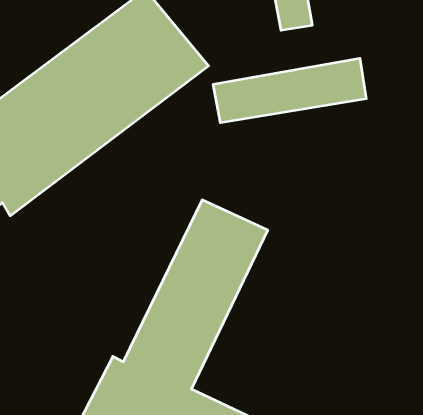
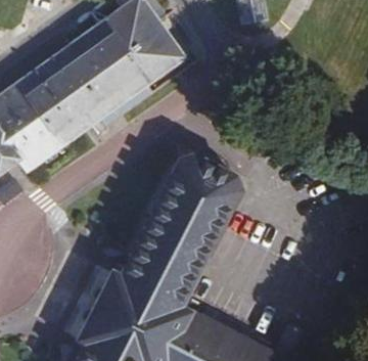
building: [213,58,366,123] -> none

